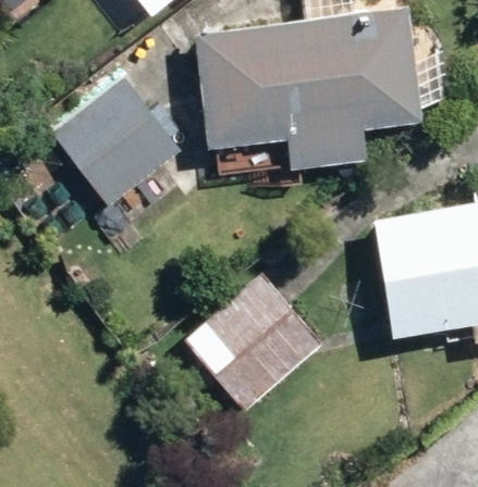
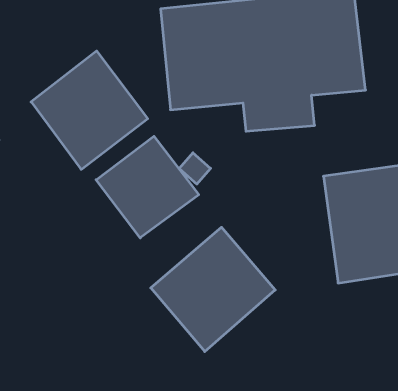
building: none -> [96,136,199,238]

